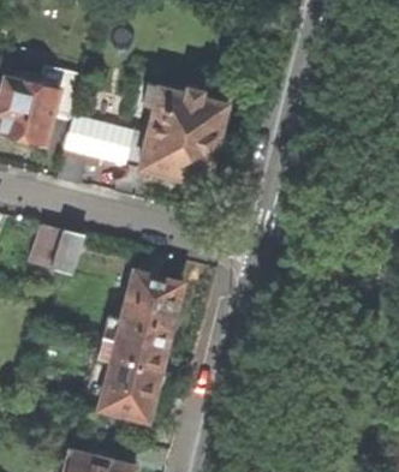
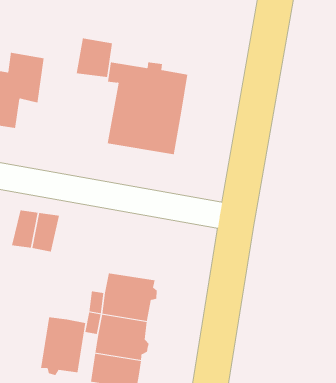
building: [78,115,119,159] -> [76,38,113,78]
building: [126,273,180,312] -> none
building: none -> [41,317,86,376]

